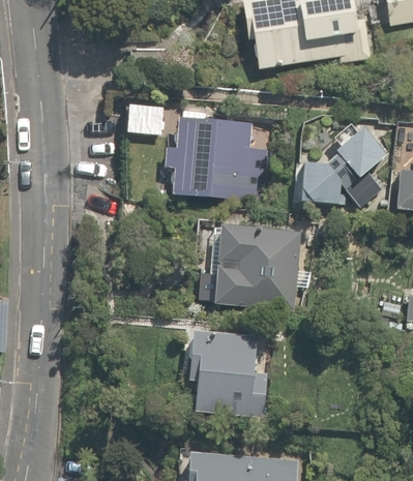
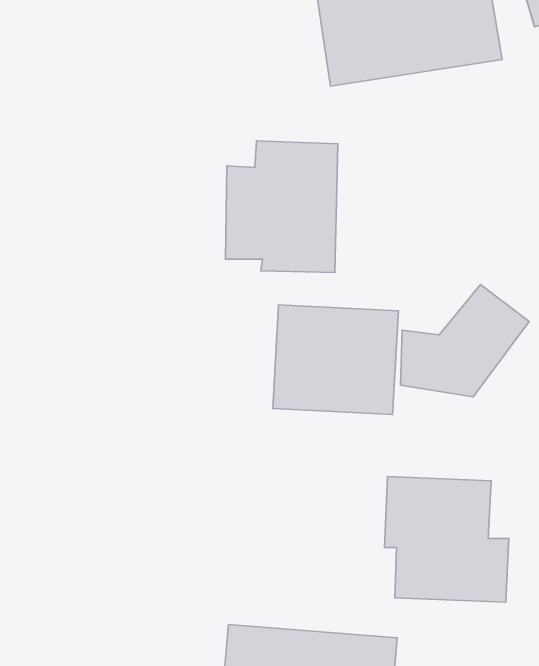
building: [298,128,388,207] -> [401,284,529,397]
building: [184,330,271,418] -> [385,476,509,602]

